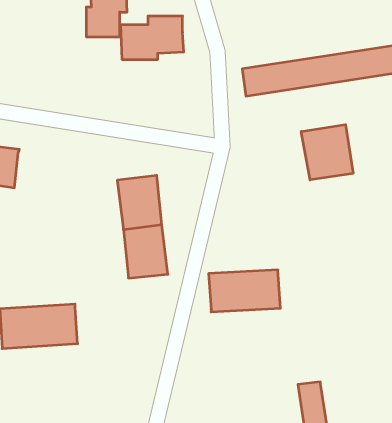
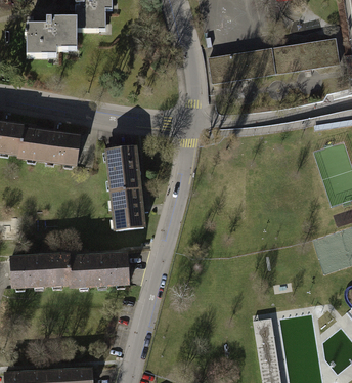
building: [121,16,184,59] -> [28,17,80,53]
building: [301,125,353,180] -> none
building: none -> [18,127,81,167]
building: [209,270,280,312] -> [70,252,129,287]

